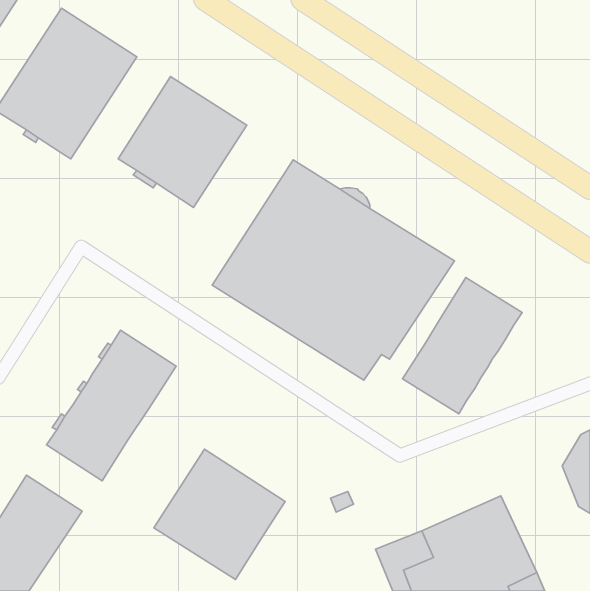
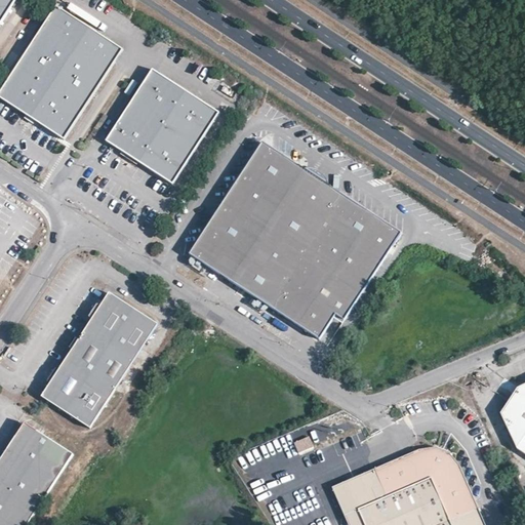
building: [403,277,522,414] -> none
building: [154,449,285,580] -> none

